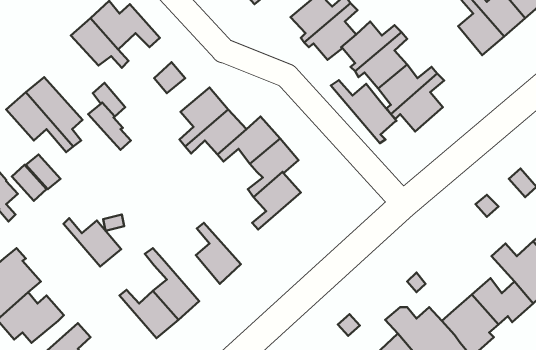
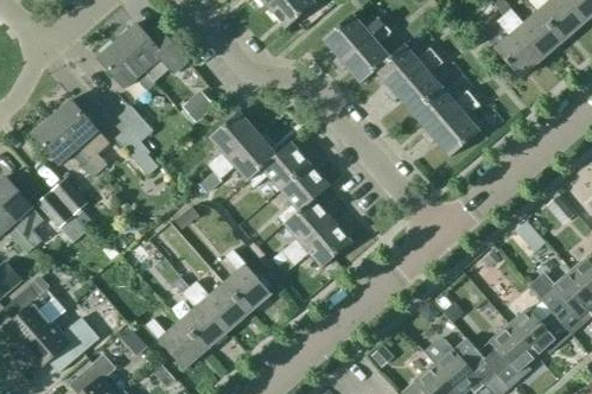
building: [331,80,397,143] -> none
building: none -> [289,220,352,267]
building: [63,218,121,267] -> [191,281,250,331]

